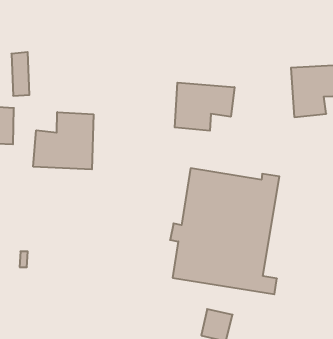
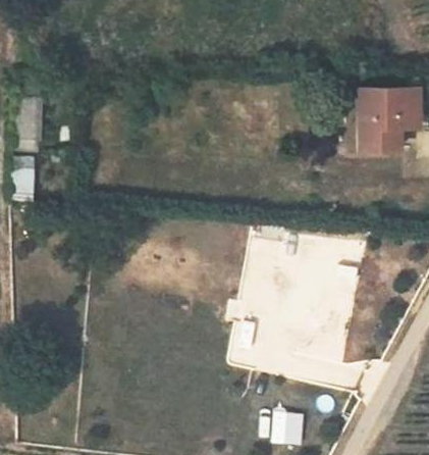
building: [175,83,234,131] -> none
building: [33,112,93,169] -> none

